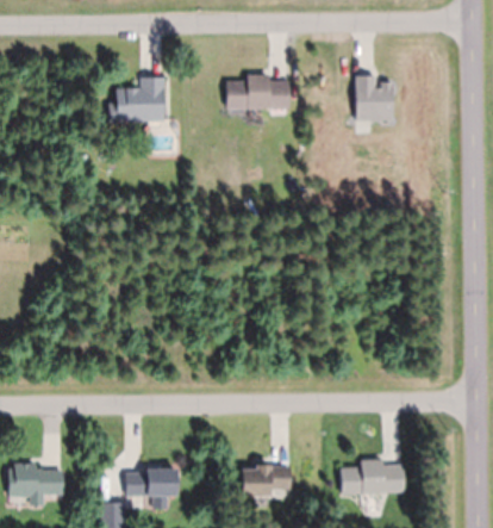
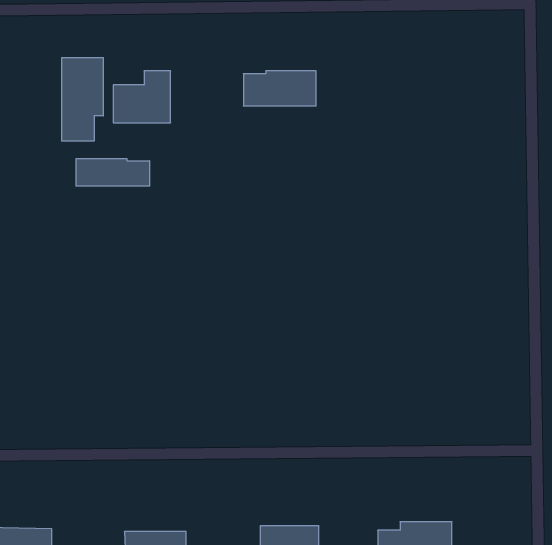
building: none -> [62,58,103,141]
building: [356,76,393,122] -> none
building: none -> [76,159,150,186]

